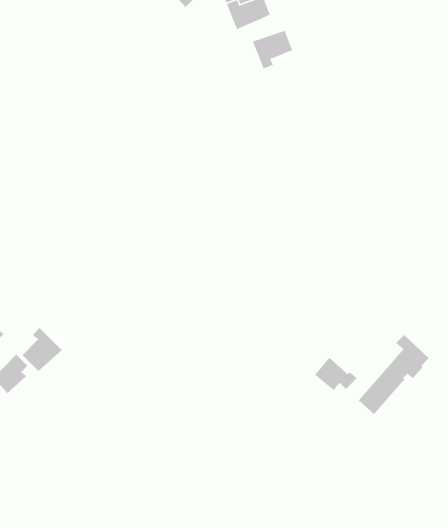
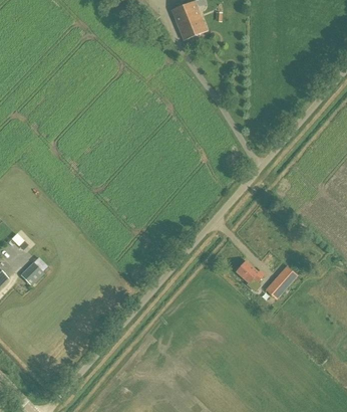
building: [252,30,293,70] -> none
building: [22,327,63,372] -> none

